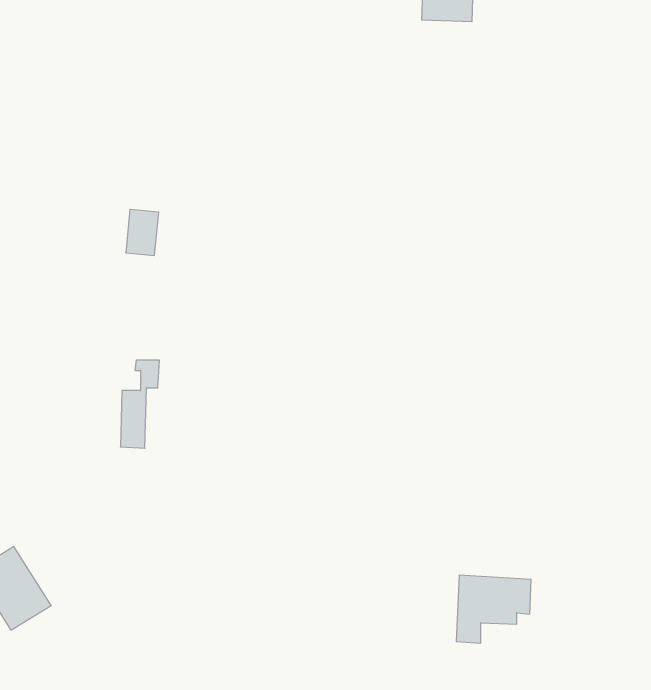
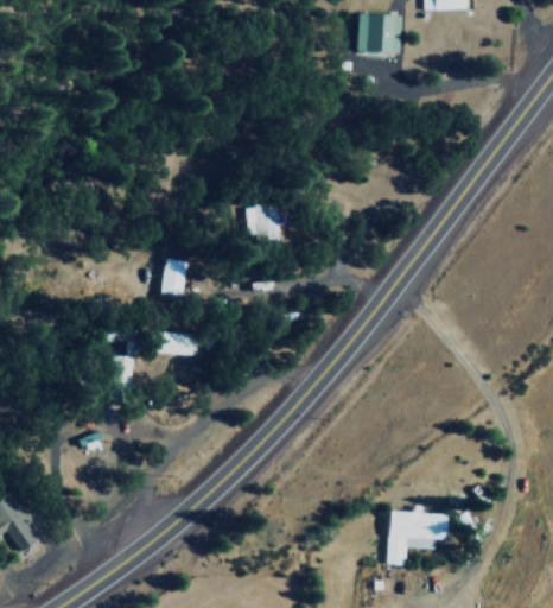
building: none -> [248,203,279,243]
building: [126,209,159,256] -> [160,259,187,297]
building: none -> [154,332,198,356]

